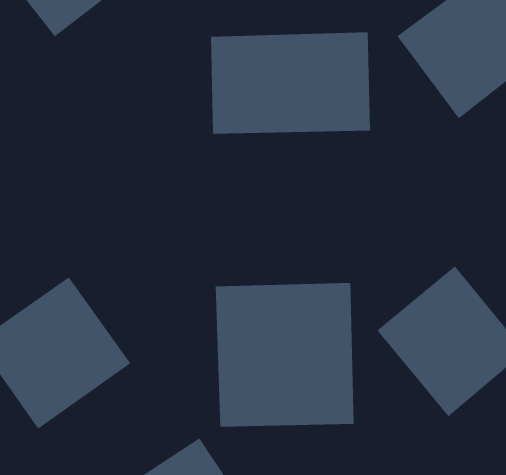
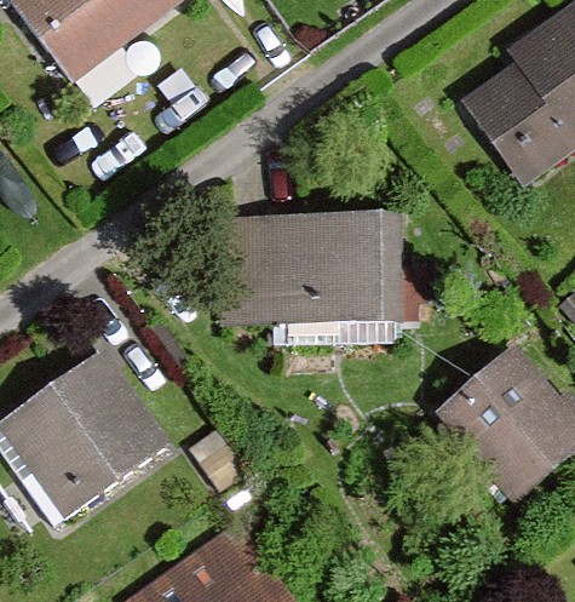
building: [210,32,371,134] -> [232,213,406,323]
building: [215,282,354,427] -> none

